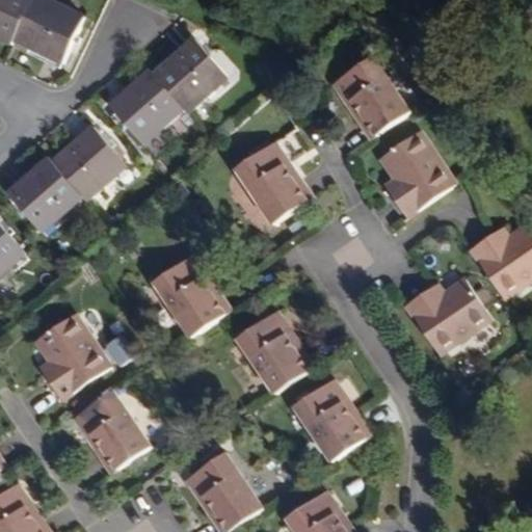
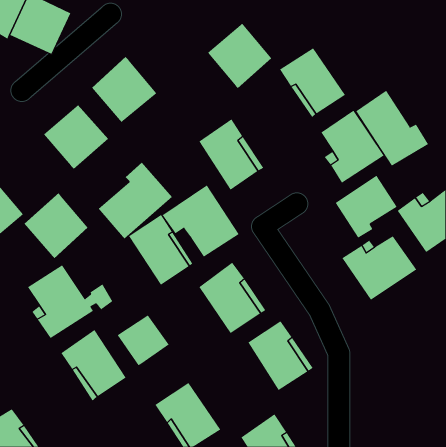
building: [153,35,230,113] -> [207,23,272,89]
building: none -> [355,90,429,166]
building: [6,155,83,234] -> [24,192,89,259]
building: none -> [98,162,173,239]
building: none -> [335,175,397,239]
building: none -> [162,184,240,258]
building: none -> [117,314,169,366]

